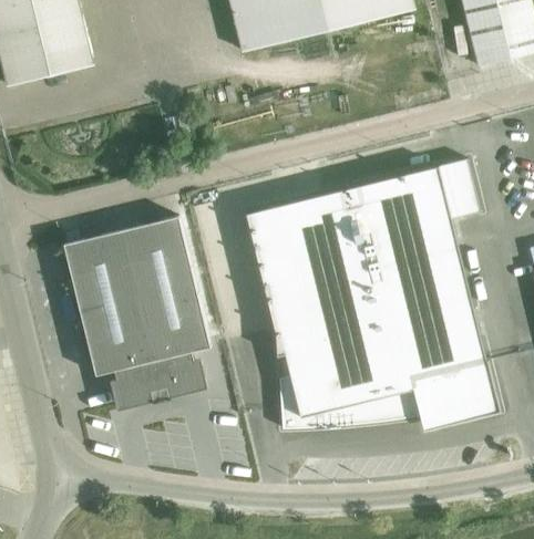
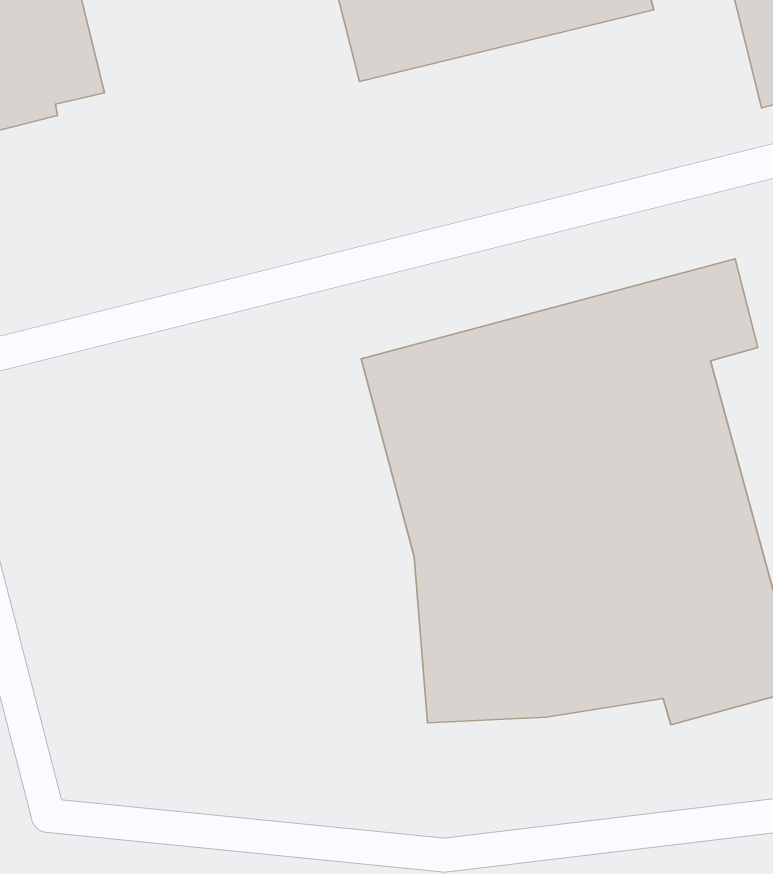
building: [64,217,210,401] -> none

